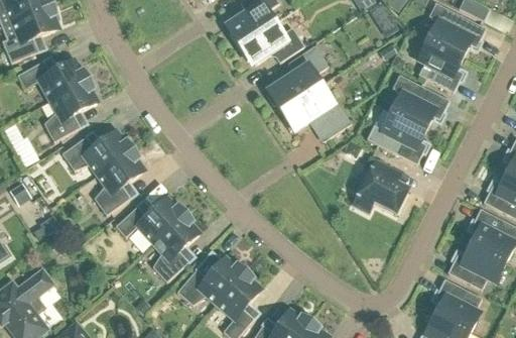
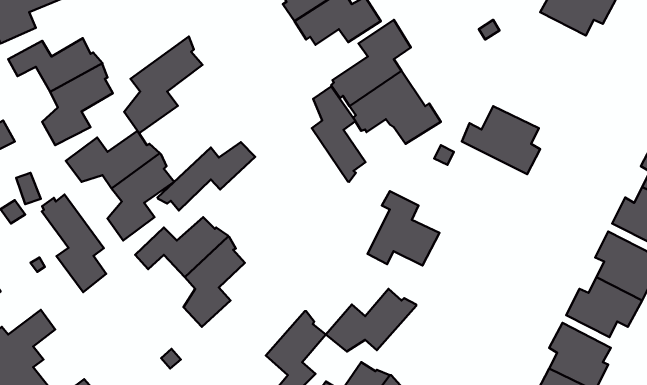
building: [417,38,464,92] -> none
building: none -> [124,36,202,133]
building: [391,75,449,128] -> none
building: none -> [312,87,365,182]
building: none -> [158,142,255,211]
building: [353,155,408,213] -> [367,191,439,266]
building: none -> [42,194,106,292]
building: [176,256,246,305] -> [326,289,416,352]

